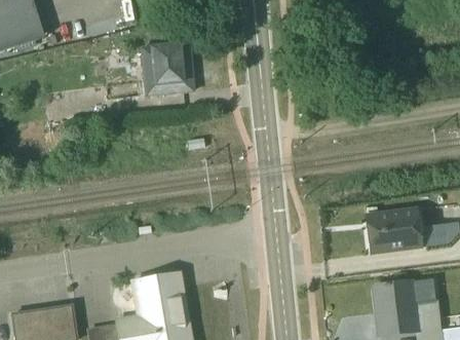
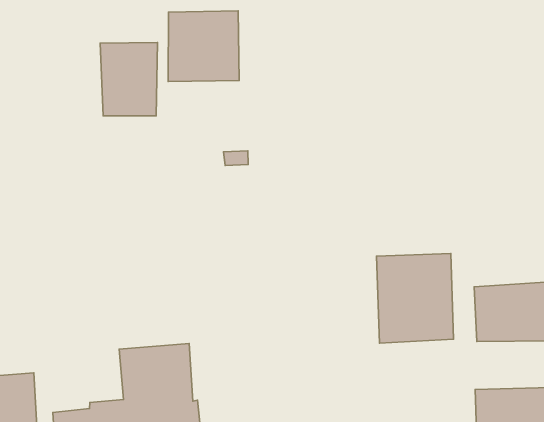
building: none -> [100,42,157,116]
building: none -> [376,254,454,343]

